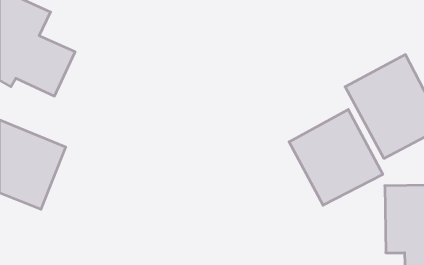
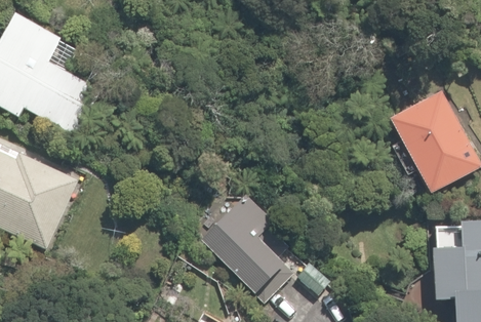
building: [289,109,383,205] -> none
building: none -> [196,199,282,291]

